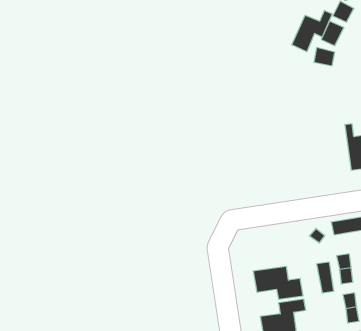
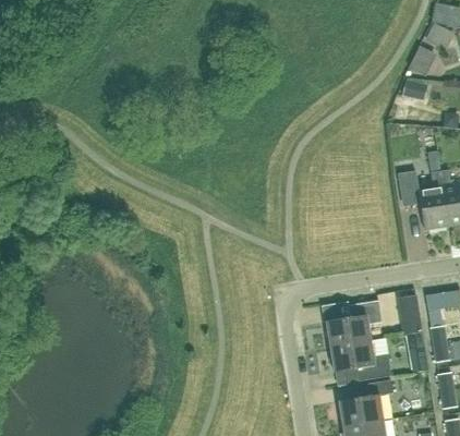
building: [292,10,332,52] -> none
building: none -> [397,171,447,229]
building: none -> [325,301,380,347]

